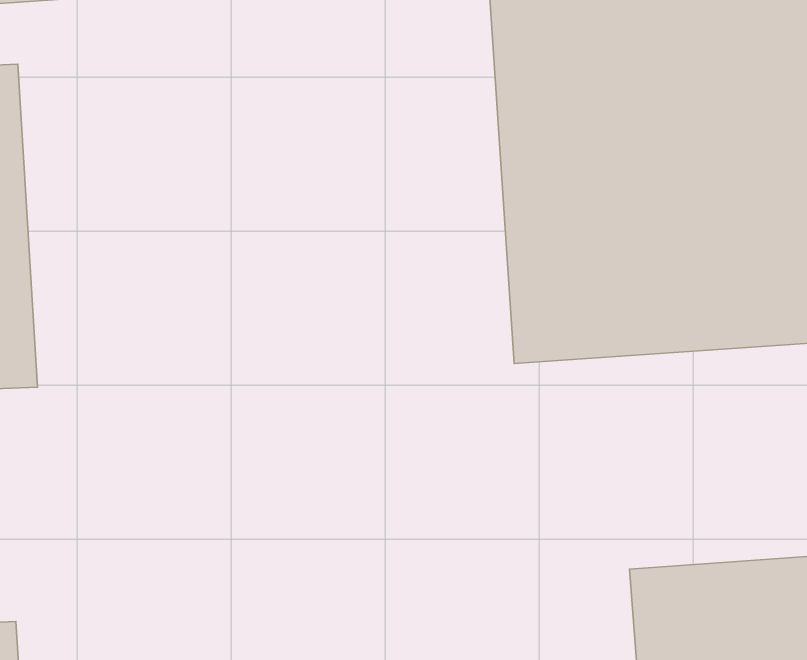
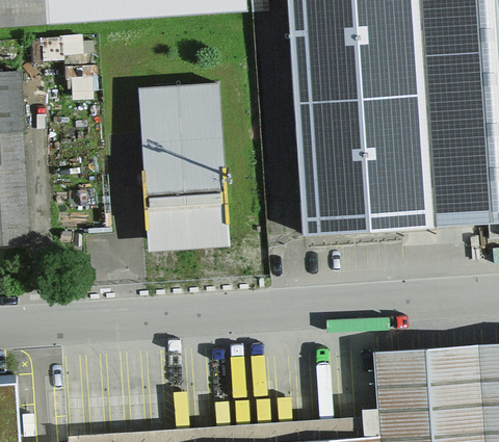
building: none -> [137,84,230,251]

